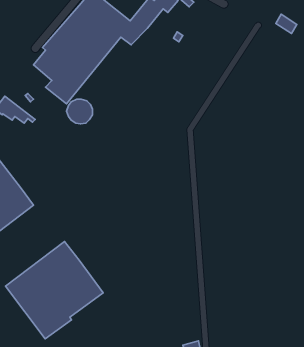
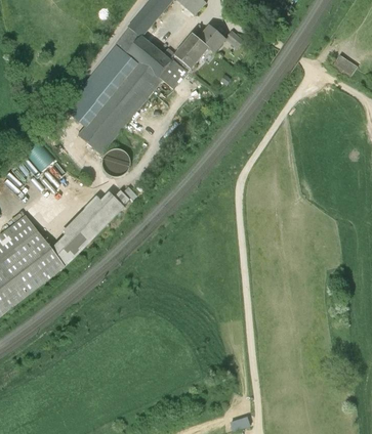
building: none -> [50,185,137,265]
building: [5,241,103,339] -> none

